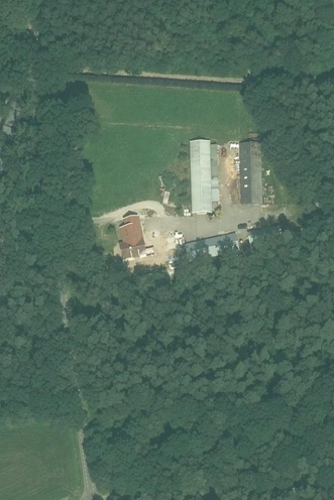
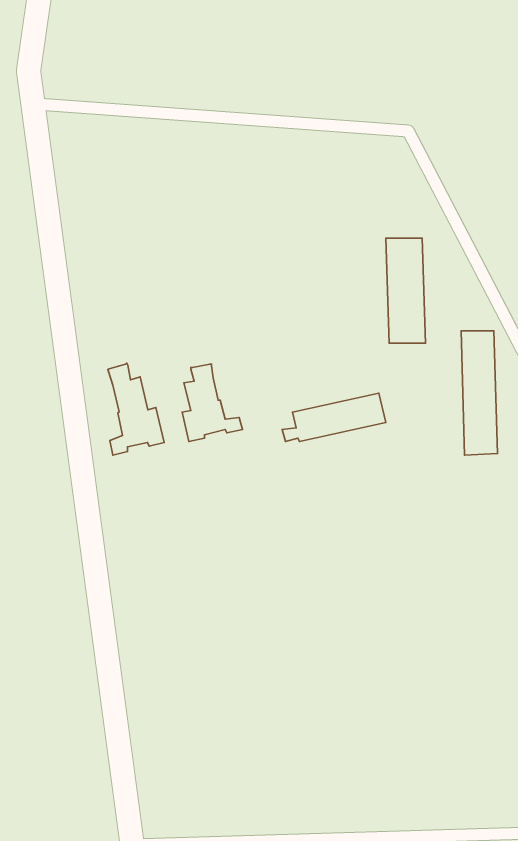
building: [190,139,211,212] -> [461,331,497,455]
building: none -> [108,363,164,455]

